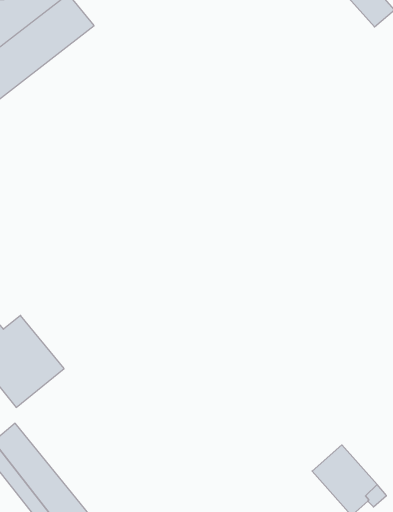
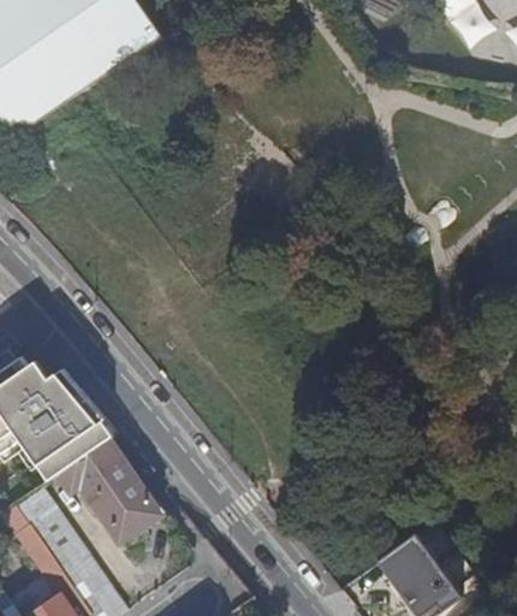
building: none -> [58,439,159,543]

